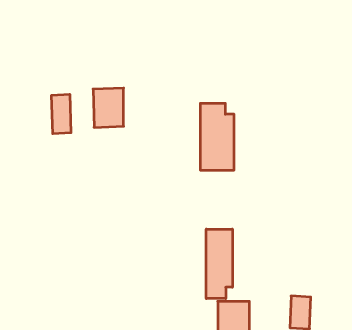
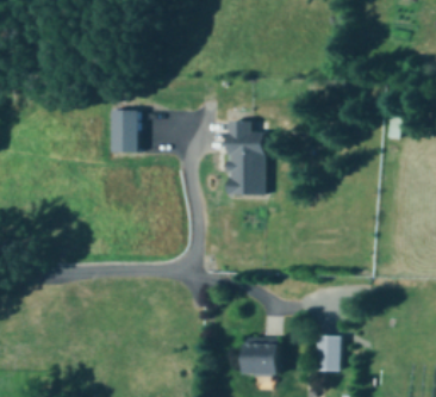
building: [52,94,71,134] -> none
building: [206,229,232,299] -> none

